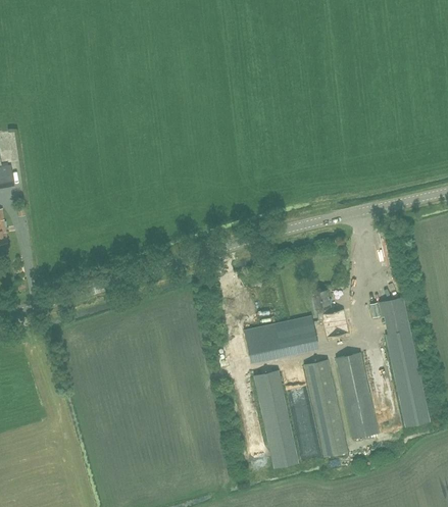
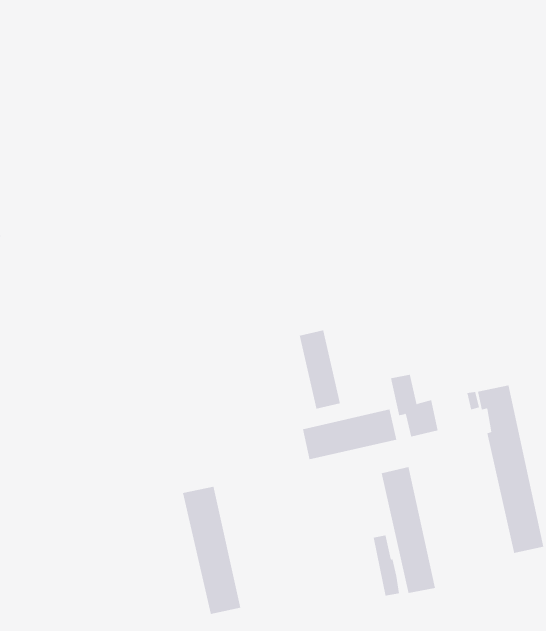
building: none -> [299,329,340,409]
building: [336,353,378,439] -> none
building: [253,370,298,468] -> [182,486,241,615]

